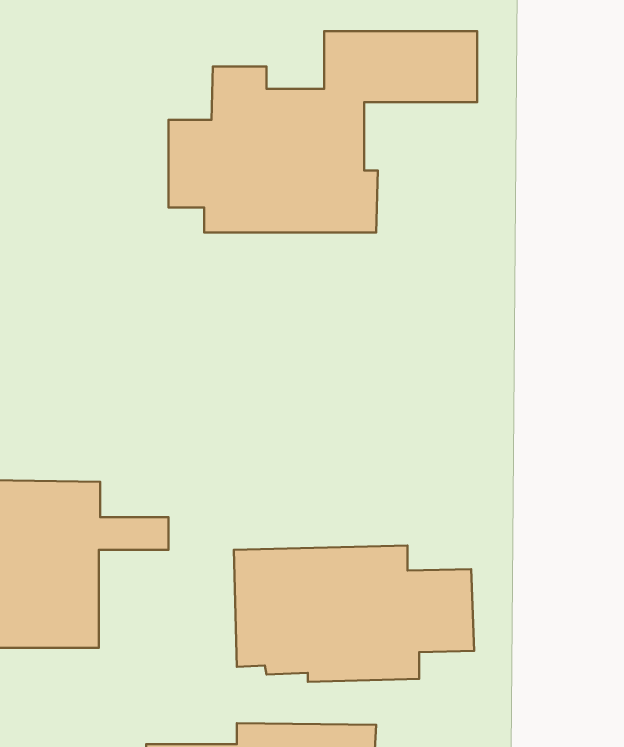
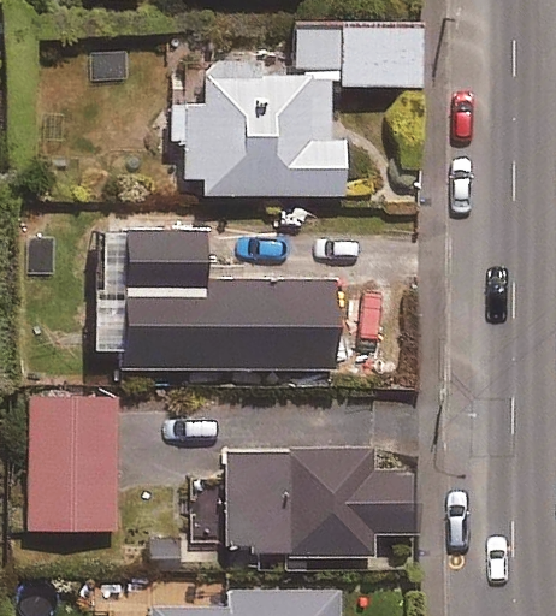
building: none -> [95,230,337,371]

